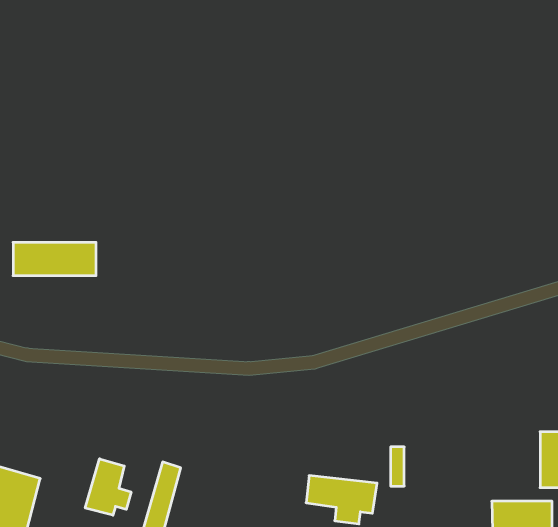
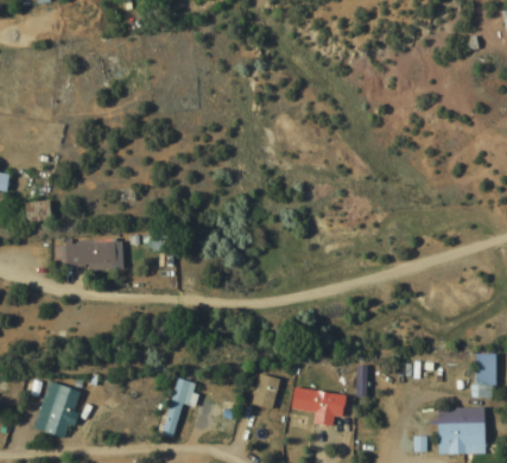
building: [13,242,96,276] -> [57,241,122,267]
building: none -> [251,373,280,408]
building: [85,459,131,515] -> none

